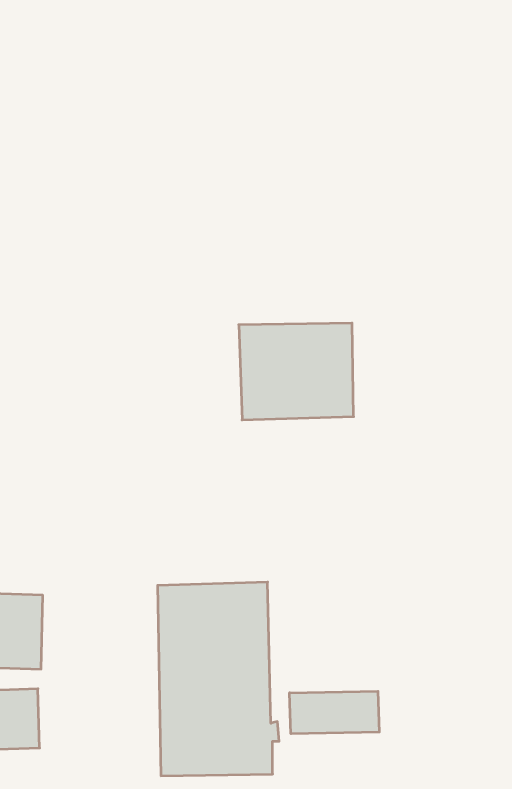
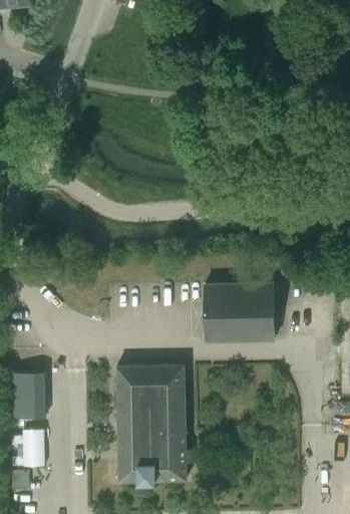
building: [239,323,354,420] -> [204,284,274,343]
building: [290,691,379,734] -> none

